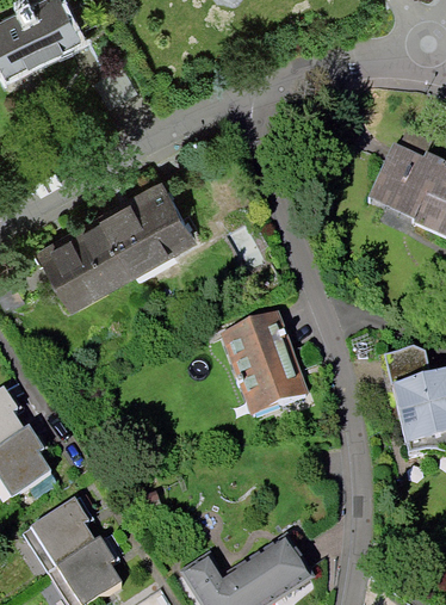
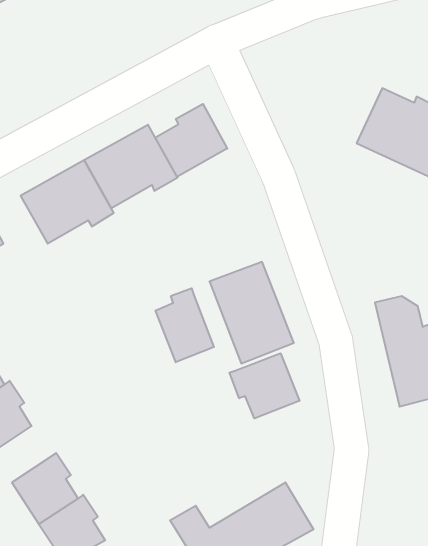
building: none -> [155,104,227,177]
building: none -> [156,288,214,362]
building: none -> [229,353,299,418]

